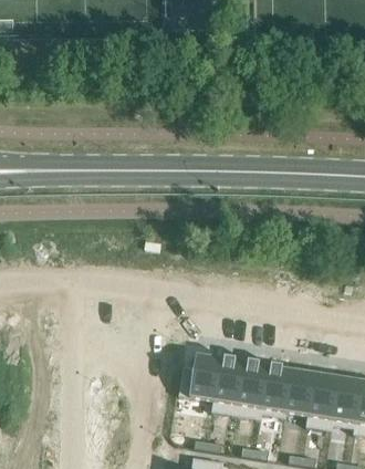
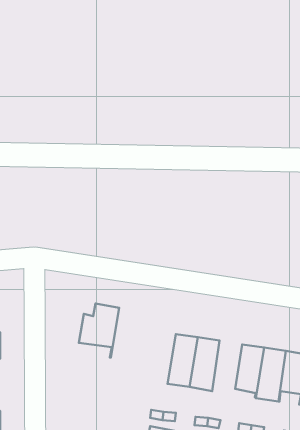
building: [178,354,221,411] -> [79,304,119,357]
building: [260,365,292,419] -> none

